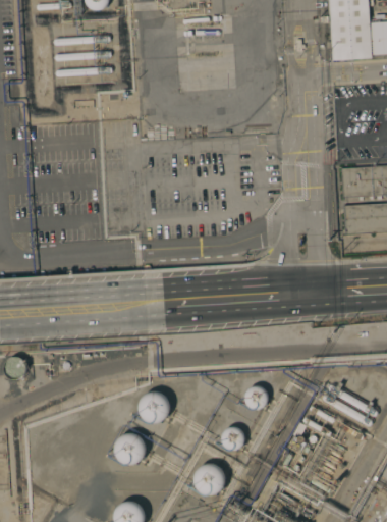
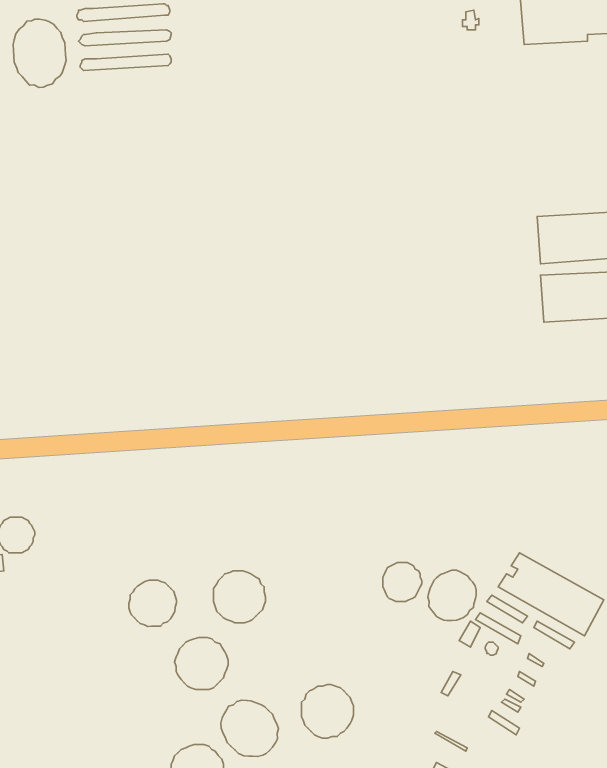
building: none -> [13,19,66,88]
building: none -> [428,570,476,621]
building: none -> [129,580,177,626]
building: [222,426,246,451] -> none
building: none -> [221,700,278,757]

